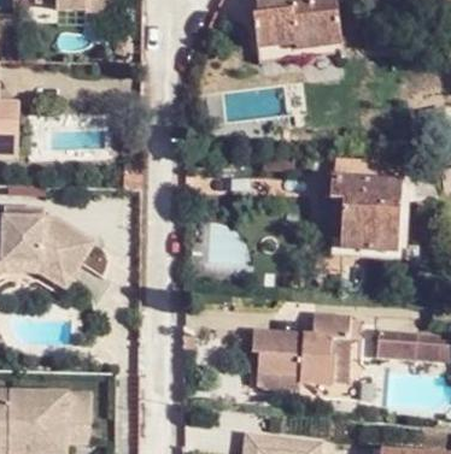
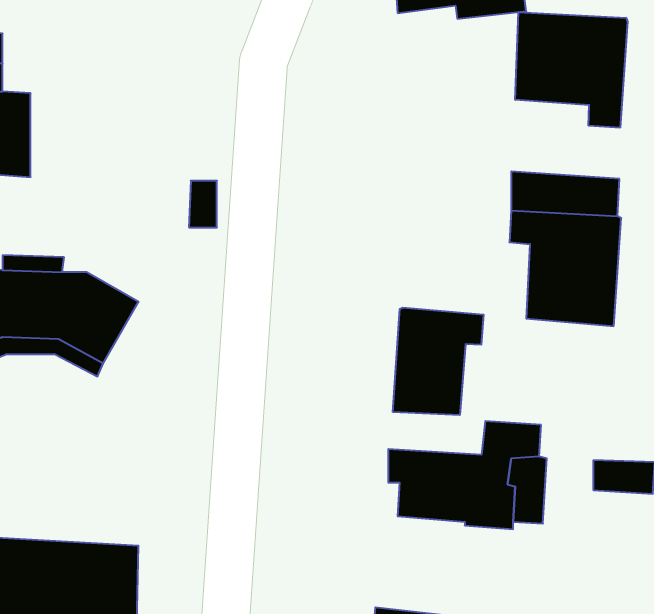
building: none -> [515,12,627,128]
building: none -> [393,308,484,415]

